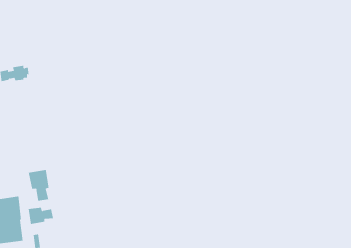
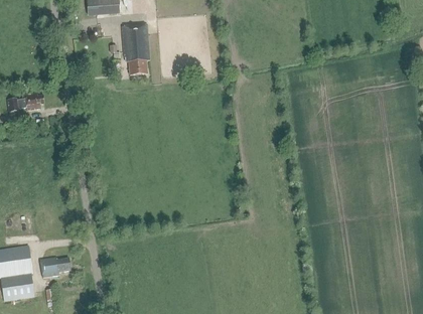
building: none -> [121,25,149,75]
building: [28,169,49,201] -> none

